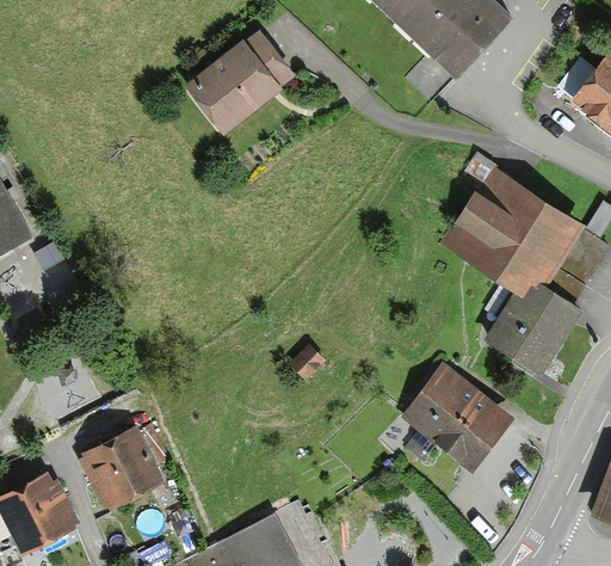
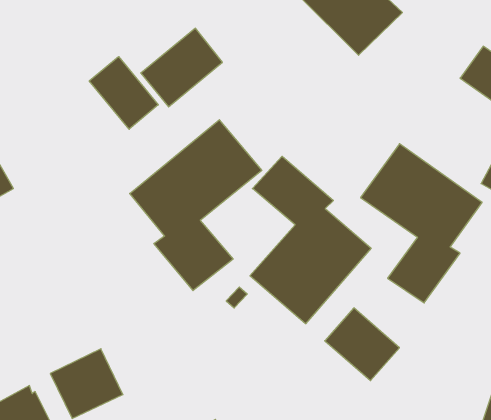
building: none -> [89,57,158,129]
building: none -> [130,120,262,291]
building: none -> [250,156,371,324]

